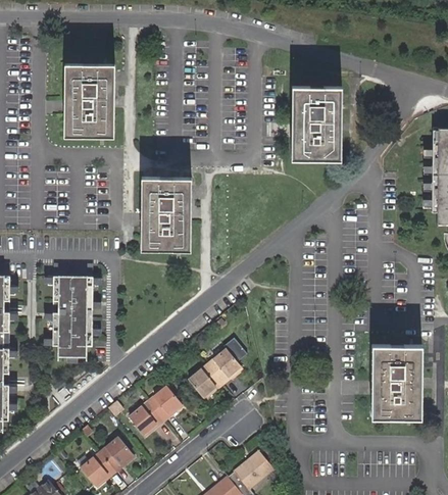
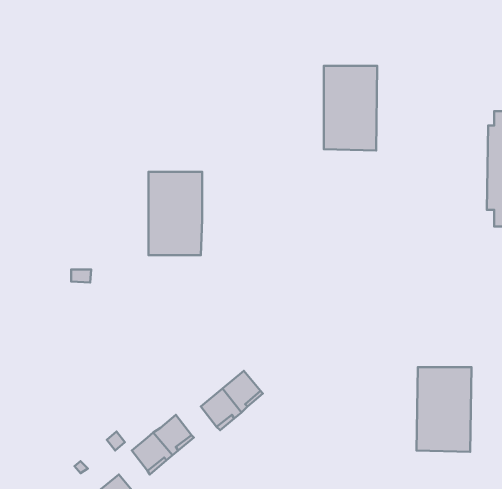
building: [66,64,112,137] -> none
building: [52,276,92,356] -> none

